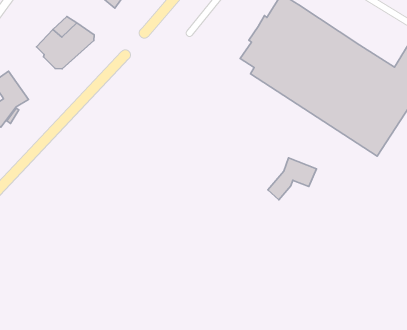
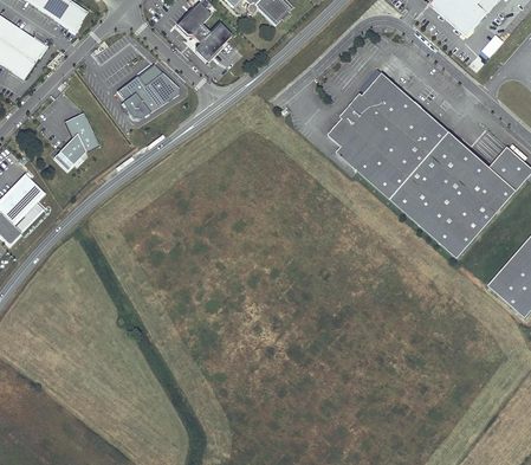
building: [268,158,317,200] -> none

